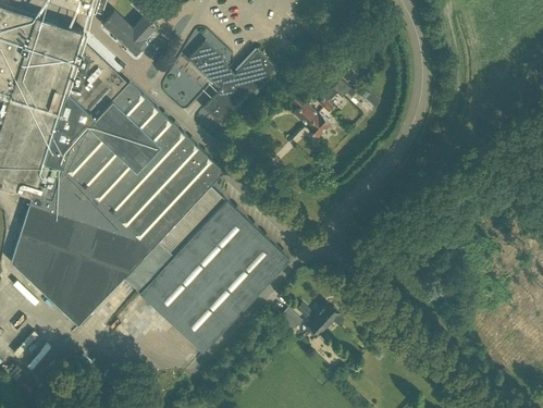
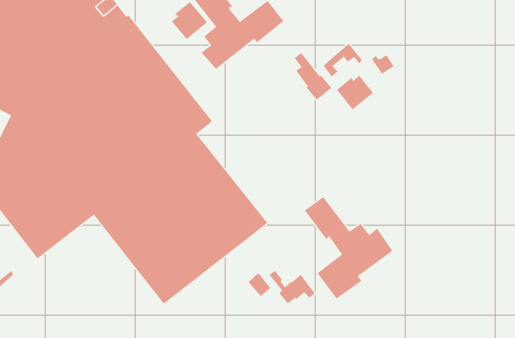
building: none -> [336,75,374,110]
building: none -> [304,196,393,300]

